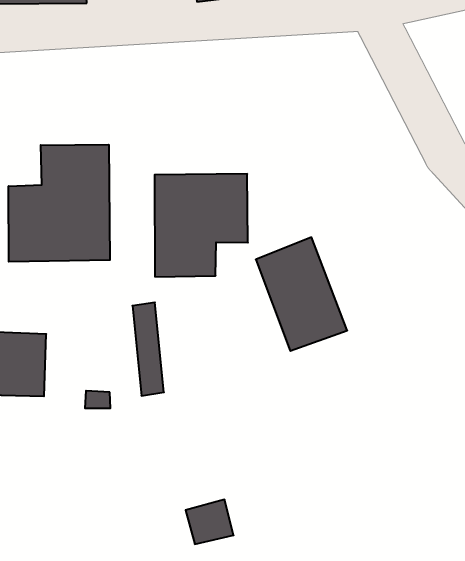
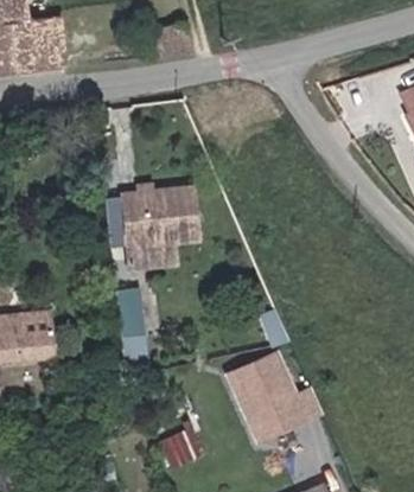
building: [9,145,110,262] -> none
building: [256,237,347,351] -> [231,353,302,439]

